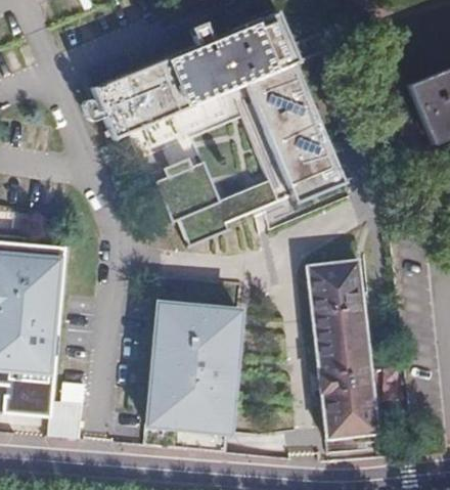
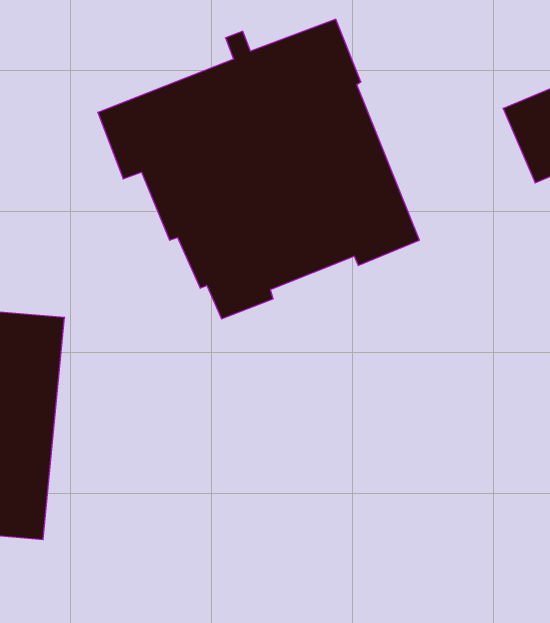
building: [307,256,381,440] -> none
building: [149,304,242,434] -> none

